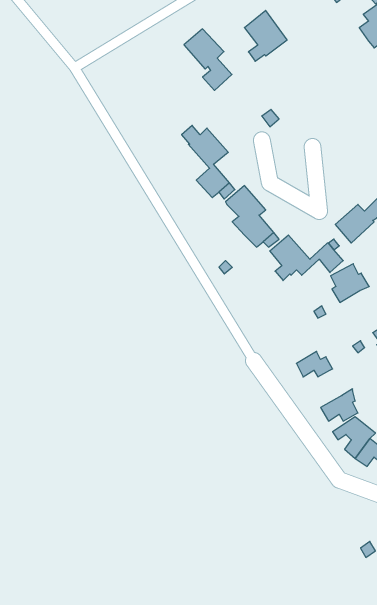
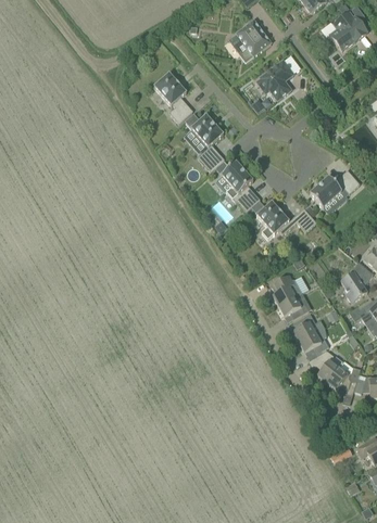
building: [184,29,232,90] -> [153,74,192,124]
building: none -> [256,61,293,100]
building: [331,264,369,302] -> [271,275,302,306]
building: none -> [292,314,324,342]

